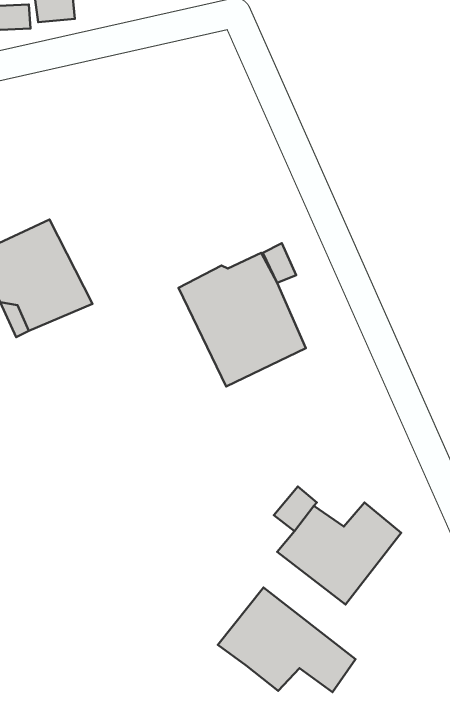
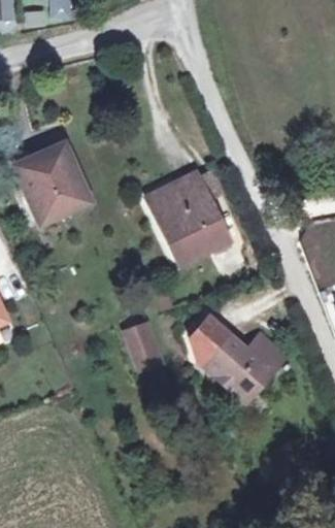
building: none -> [130,323,167,370]
building: [218,588,356,692] -> none

